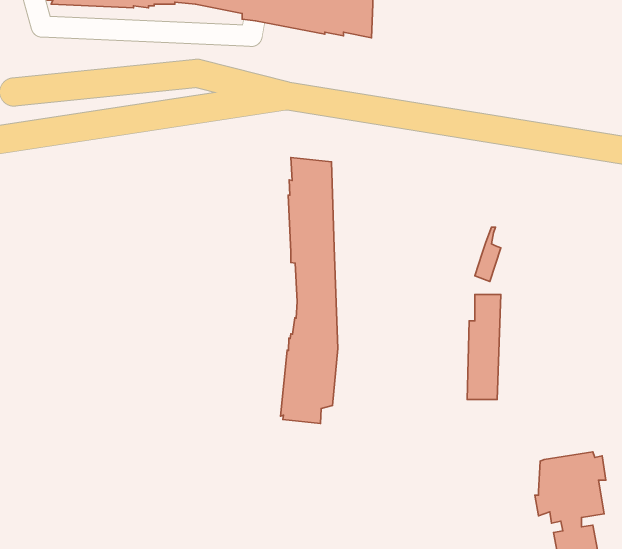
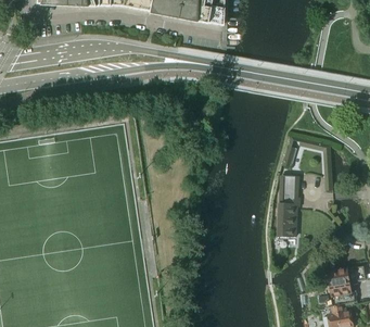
building: [280,157,338,424] -> none

